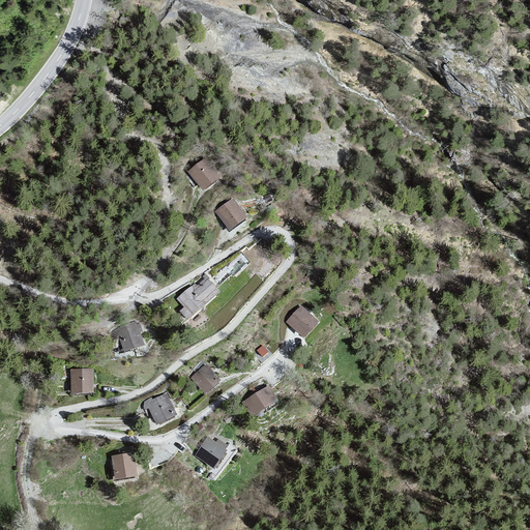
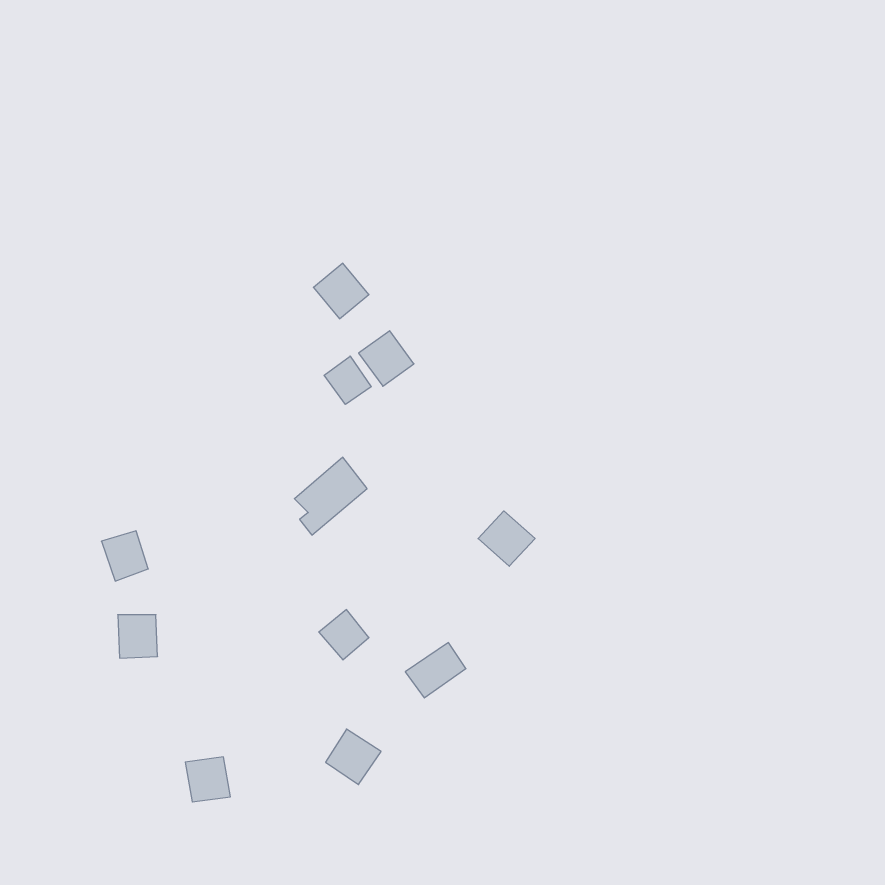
building: none -> [324,356,371,404]
building: [116,322,144,352] -> [101,531,148,581]
building: [144,392,177,424] -> none

